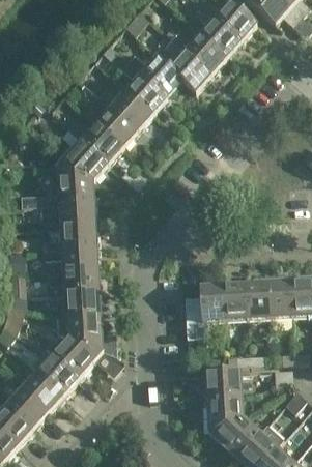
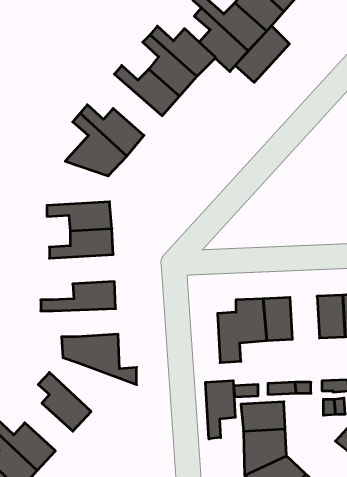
building: none -> [235,26,289,82]
building: [91,94,138,146] -> none
building: [19,168,93,206] -> none
building: [42,246,97,271] -> none
building: [246,282,271,318] -> none
building: [46,292,101,316] -> none
building: [42,333,103,379] -> none
building: none -> [206,381,235,439]
building: [22,372,62,412] -> none

